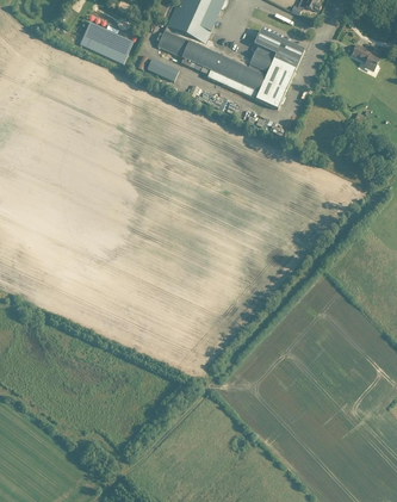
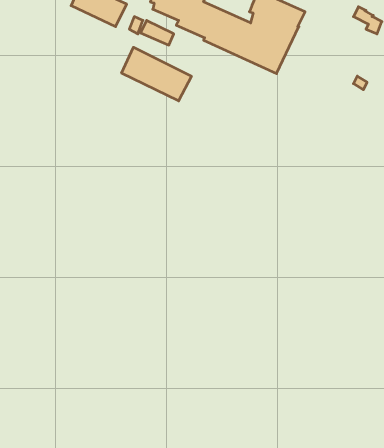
building: none -> [122,47,191,101]

